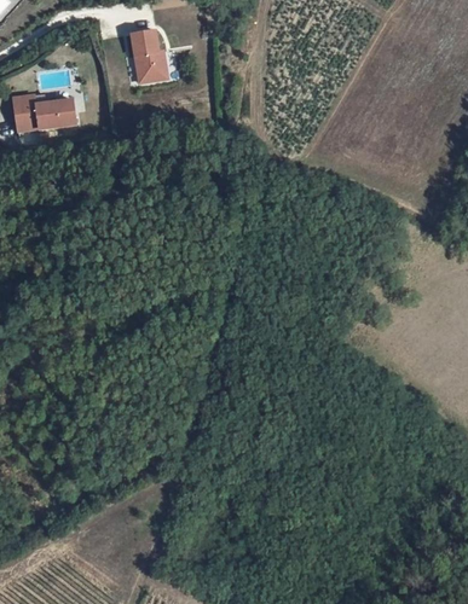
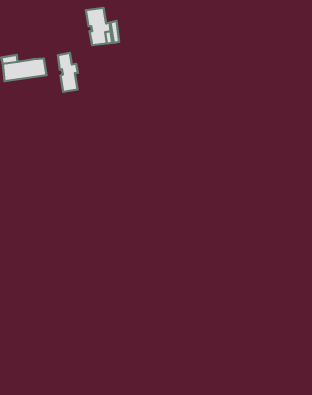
building: none -> [58,53,78,92]

